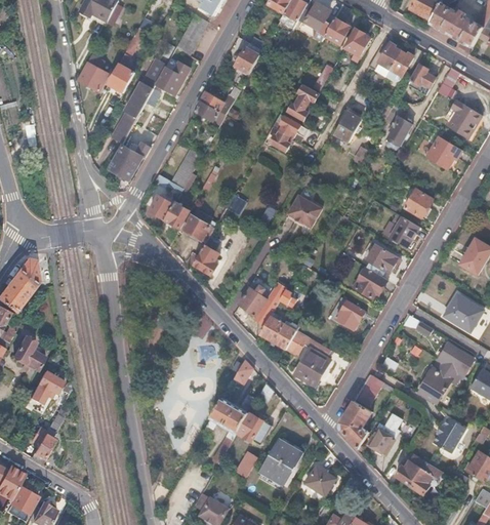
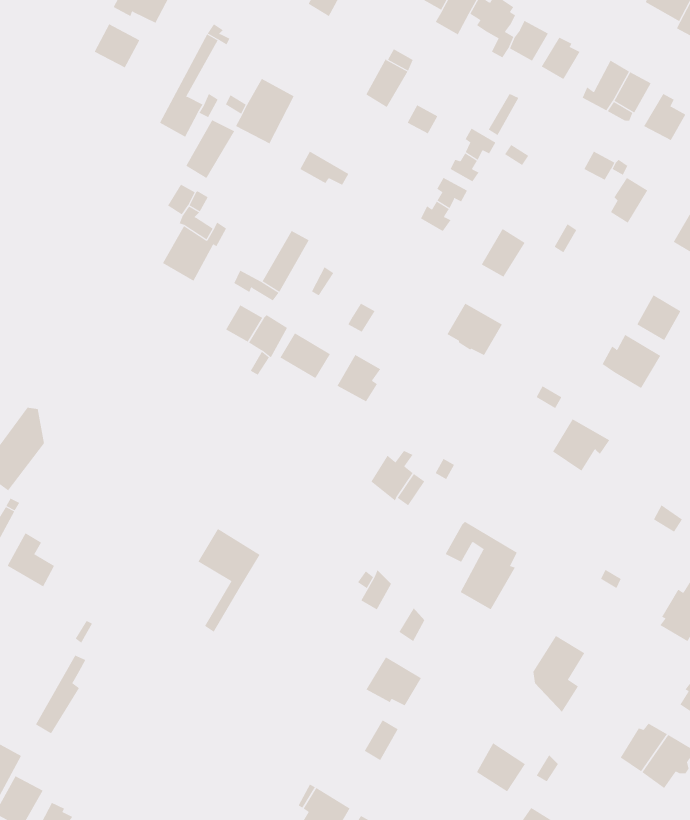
building: [176,14,209,55] -> none
building: [80,63,109,90] -> [94,24,140,68]
building: [202,86,241,114] -> none
building: [335,111,363,142] -> [481,228,525,278]
building: [367,243,401,273] -> none
building: [193,244,220,274] -> [337,354,381,402]
building: [336,299,366,329] -> none
building: [259,315,296,350] -> none
building: [32,370,64,396] -> none
building: [356,373,383,406] -> none
building: [210,397,249,461] -> [198,528,260,632]
building: [368,413,402,454] -> none
building: [259,438,303,486] -> none

